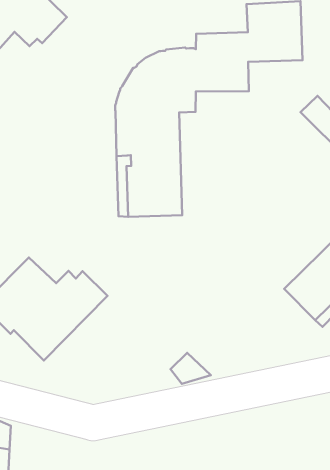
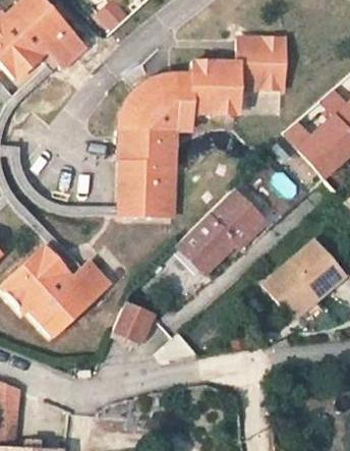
building: none -> [175,193,264,273]
building: none -> [113,304,154,346]

